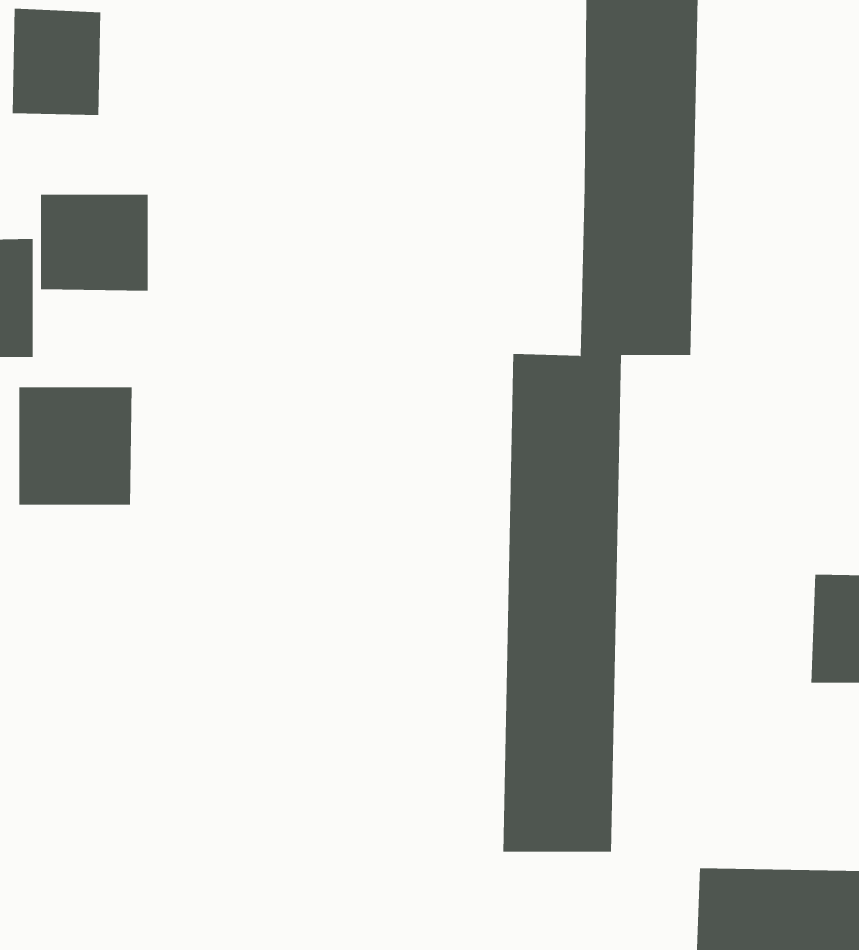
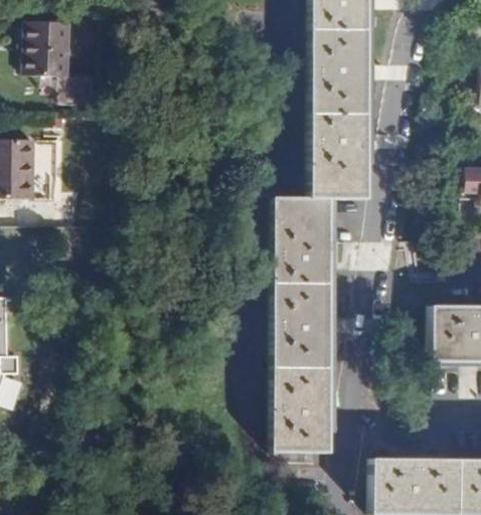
building: [40,194,148,292] -> none
building: [19,387,132,505] -> none

